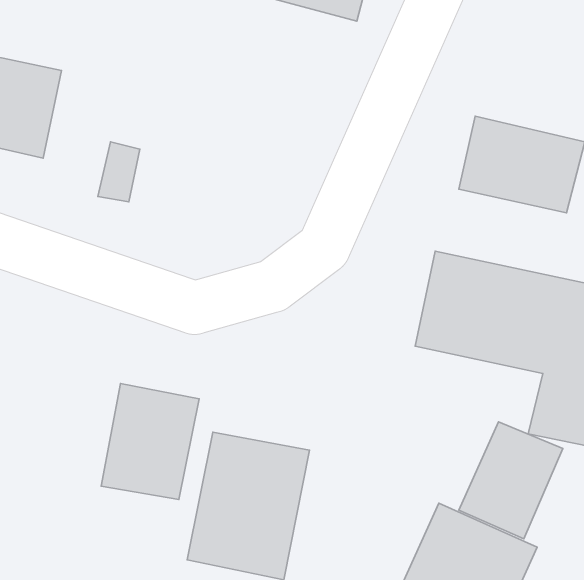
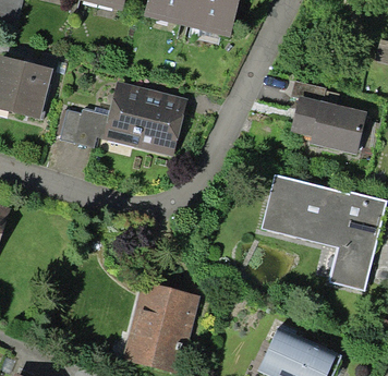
building: none -> [104,85,178,155]
building: [101,383,199,499] -> none
building: [459,422,563,539] -> none

